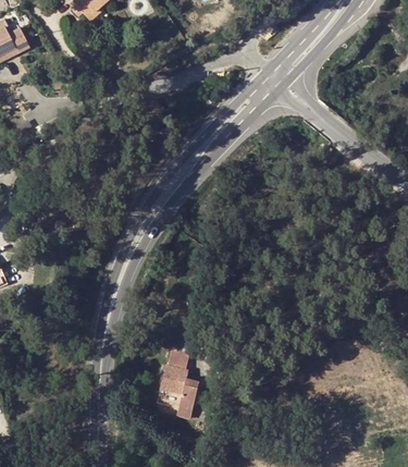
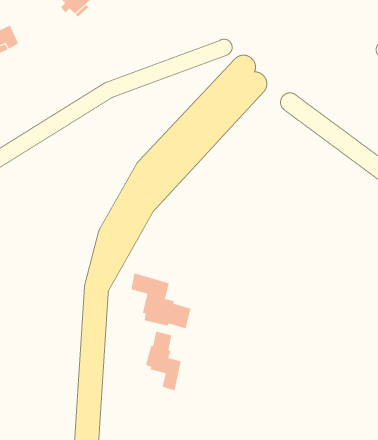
building: none -> [131,272,191,329]

